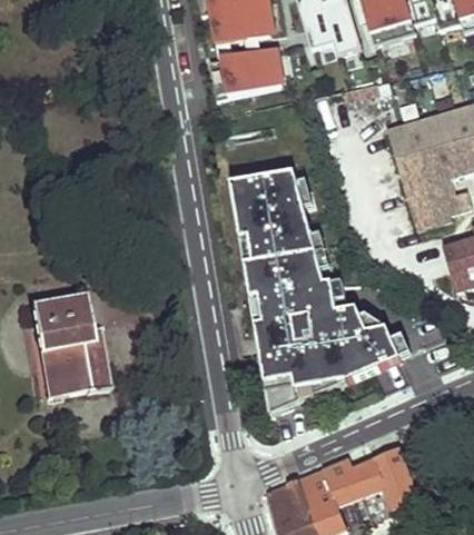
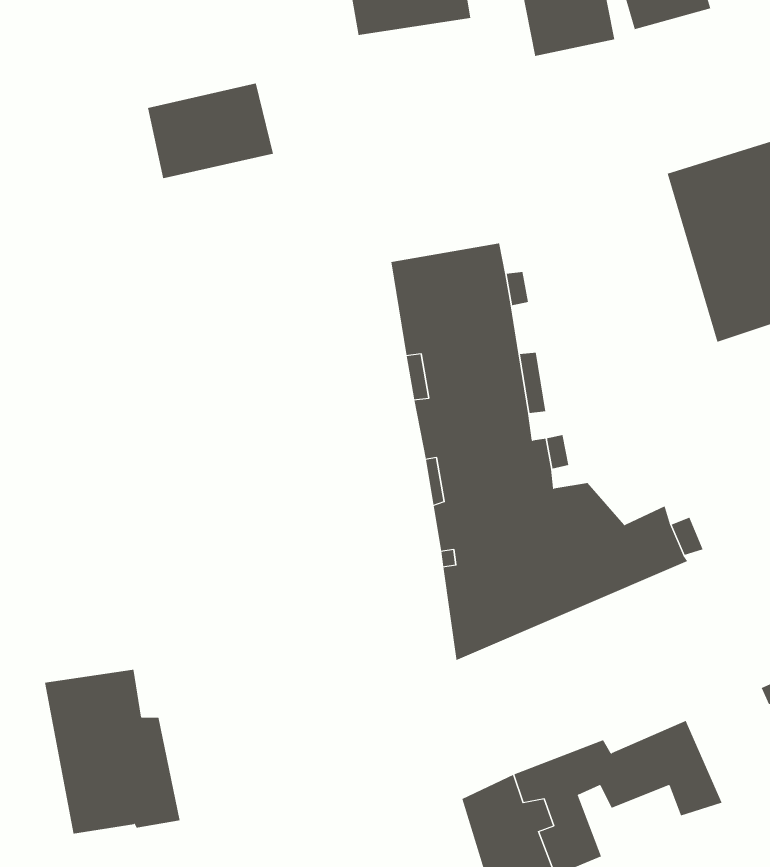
building: [214,47,287,102] -> [147,83,274,179]
building: [33,296,112,392] -> [44,669,180,834]

